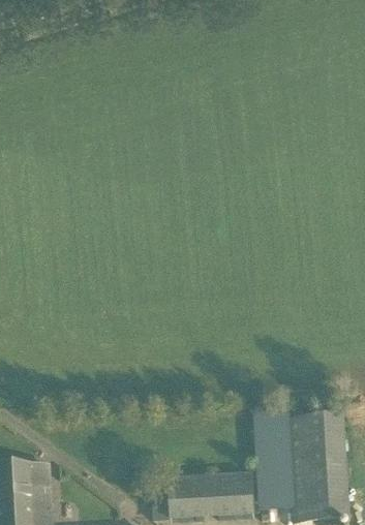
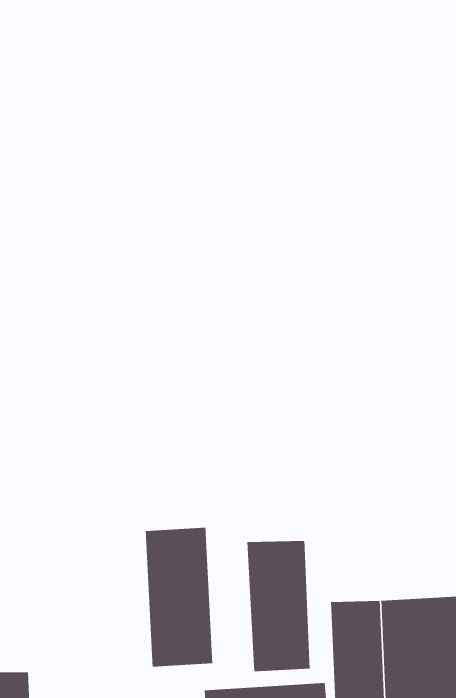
building: none -> [145,527,213,668]
building: none -> [246,540,310,672]

